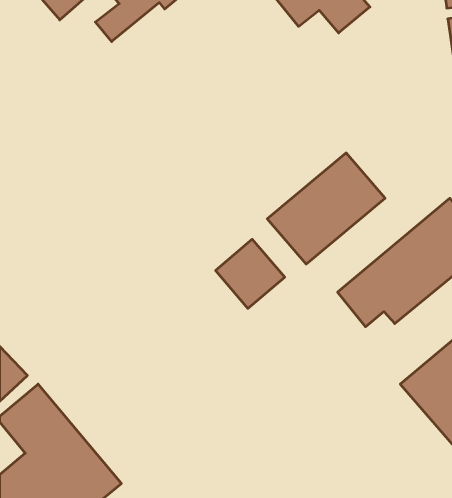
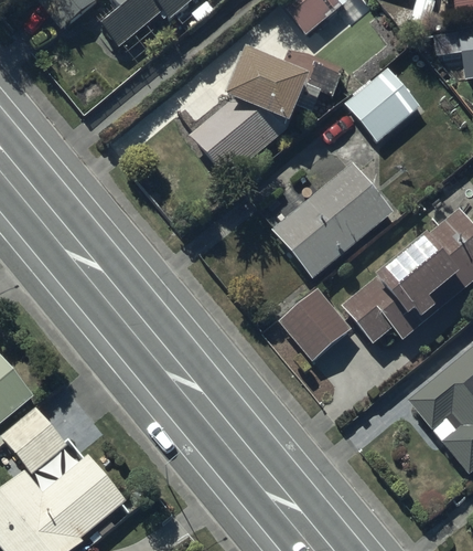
building: none -> [190,49,343,178]
building: none -> [346,71,415,139]
building: [216,239,285,308] -> [280,287,351,358]

